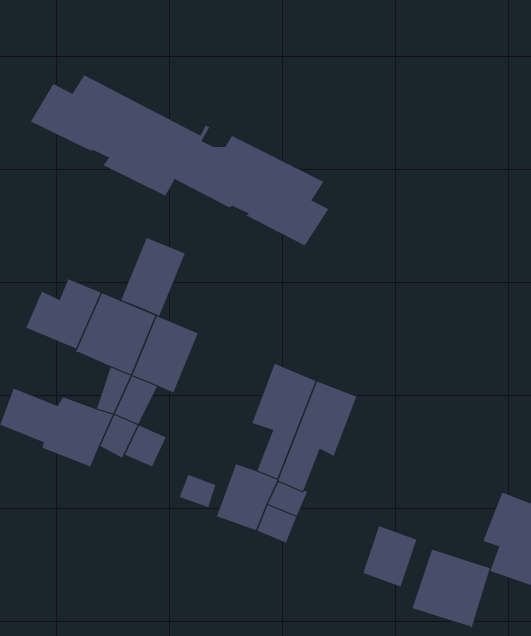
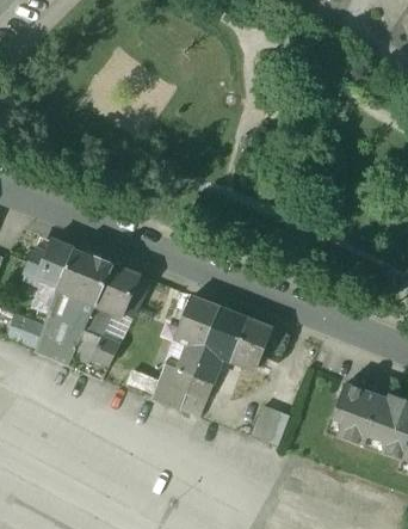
building: [30,74,329,246] -> none
building: [121,237,186,316] -> none
building: none -> [48,288,80,326]
building: none -> [231,318,272,368]
building: [412,549,491,629] -> none

